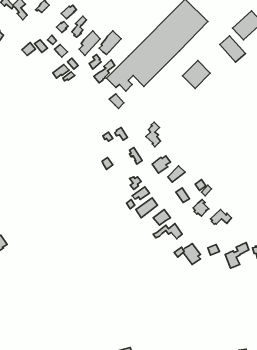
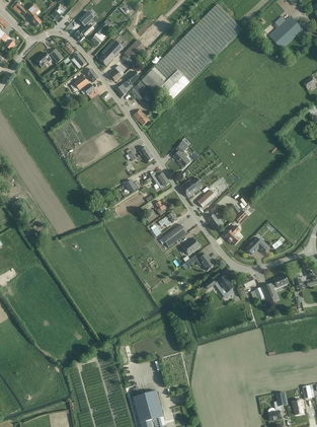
building: [220,36,245,62] -> none
building: [183,61,210,88] -> none

